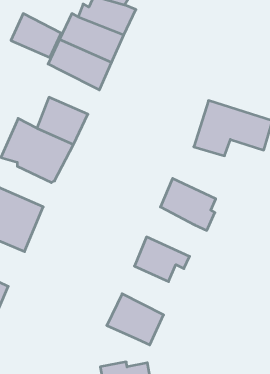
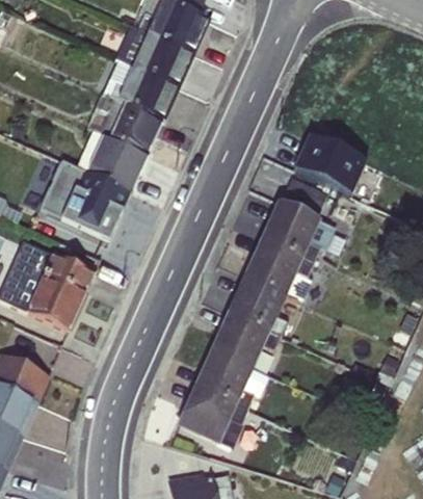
building: [11,14,61,57] -> [100,98,164,154]
building: none -> [258,200,334,262]
building: none -> [224,272,286,336]
building: none -> [193,348,268,411]

